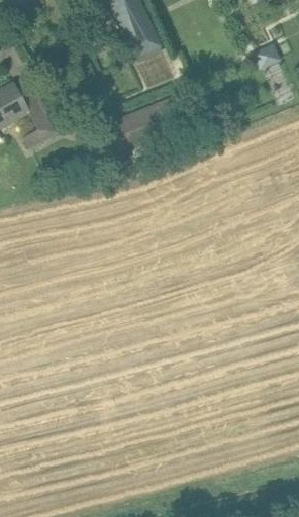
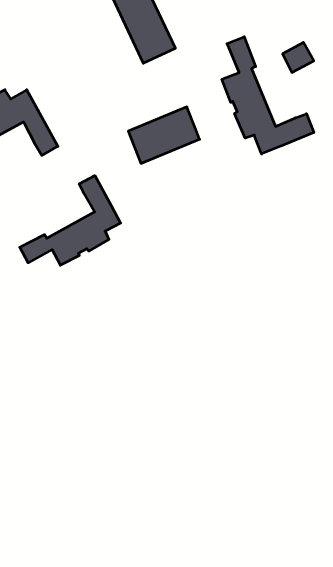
building: none -> [222,37,314,154]
building: none -> [20,176,121,265]

